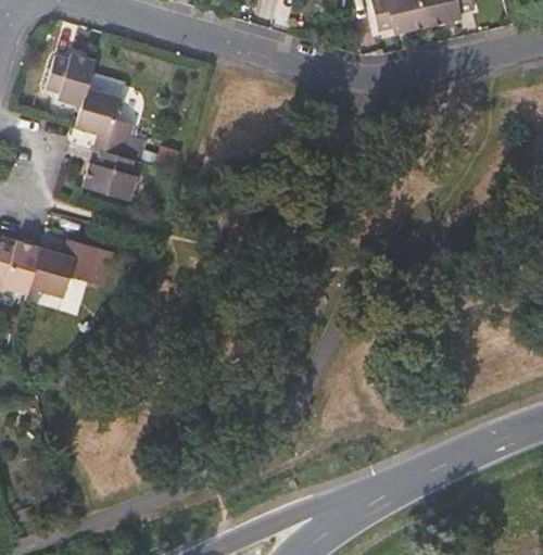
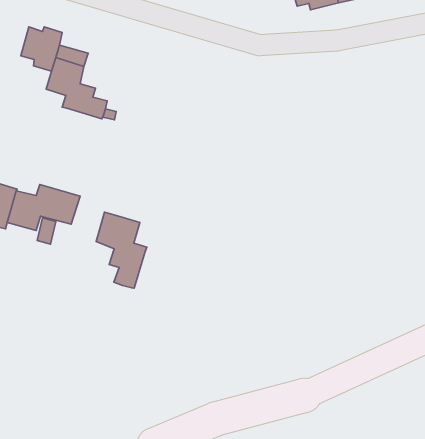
building: [84,149,141,194] -> none
building: none -> [96,212,147,288]

